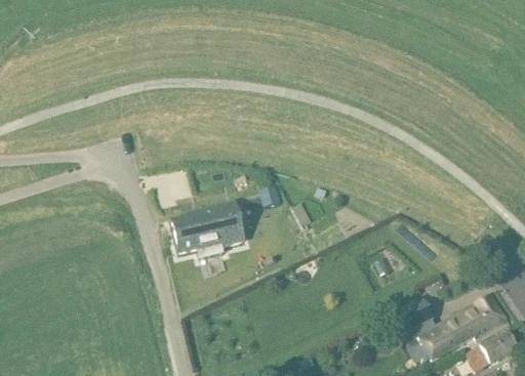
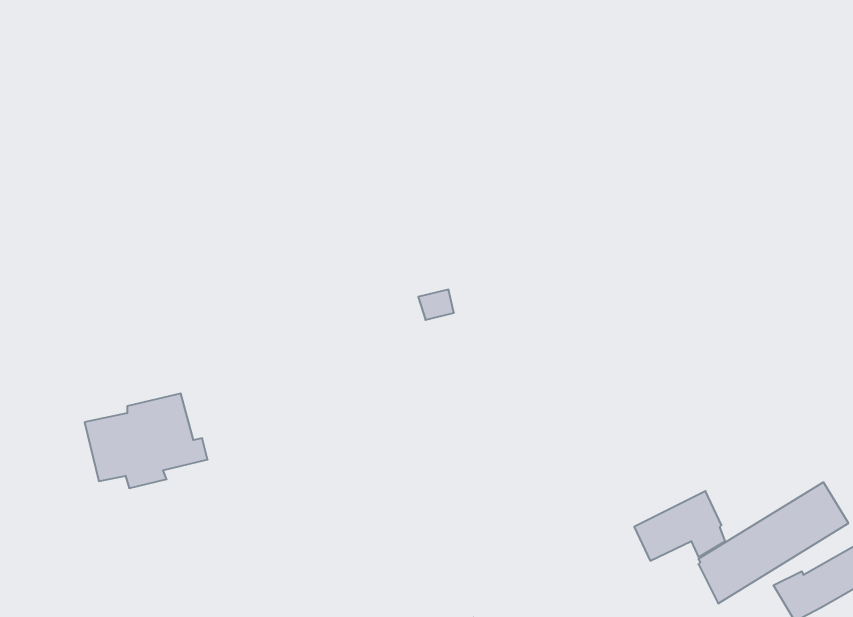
building: [174,203,245,257] -> [85,394,208,488]

